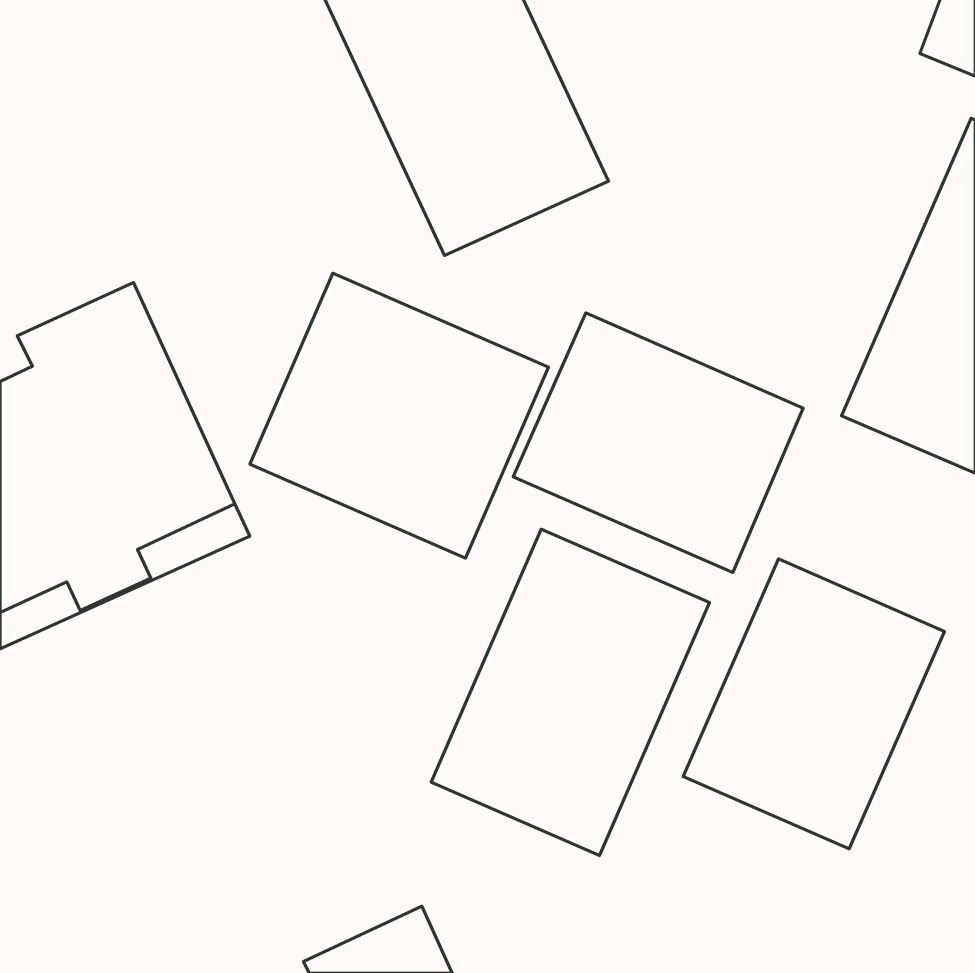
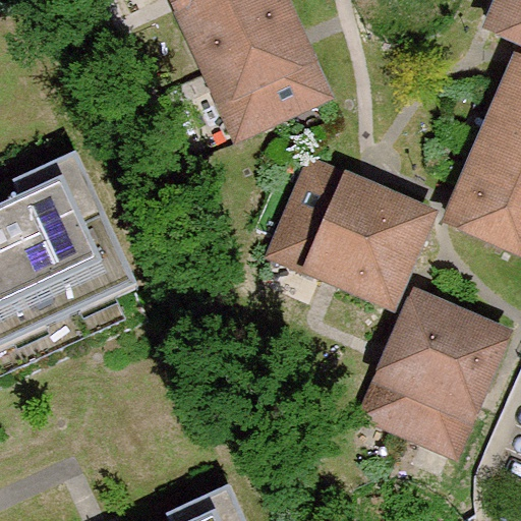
building: [250,273,548,558] -> none
building: [431,529,709,856] -> none

